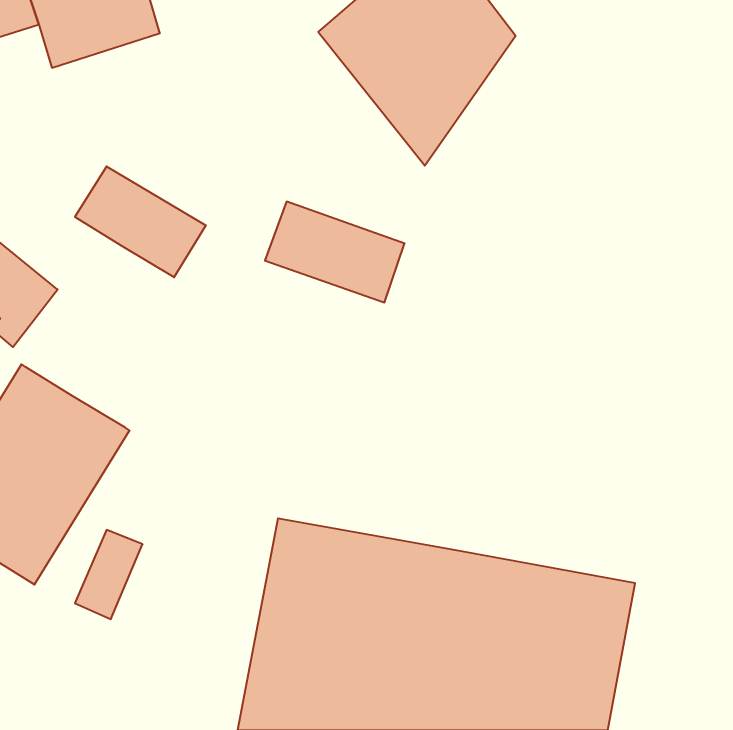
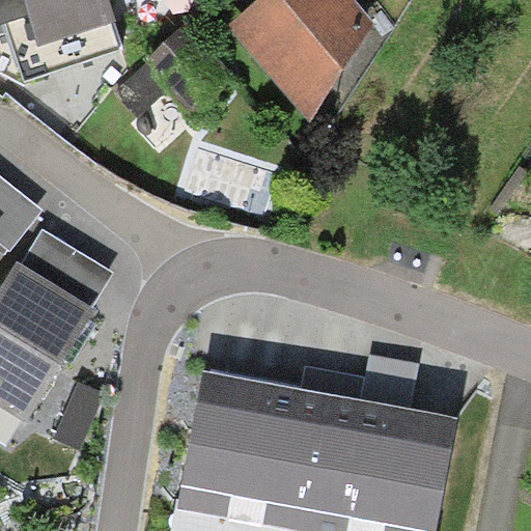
building: [75,166,206,277] -> [19,228,113,308]

